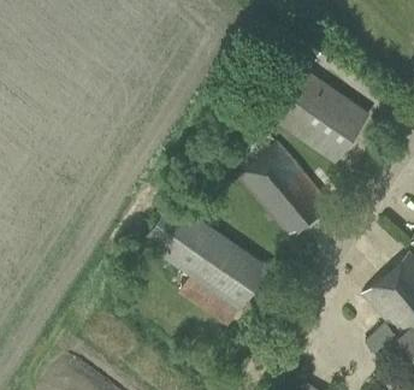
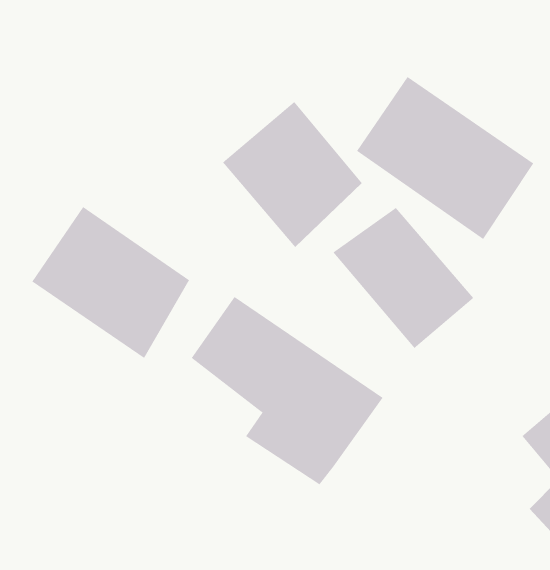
building: none -> [222,101,362,248]
building: none -> [32,206,190,359]

